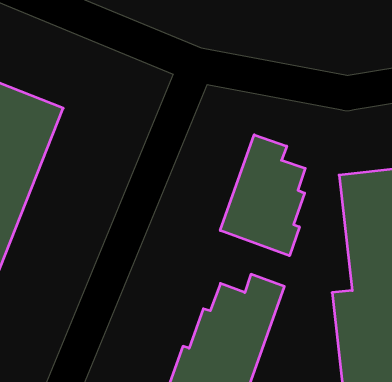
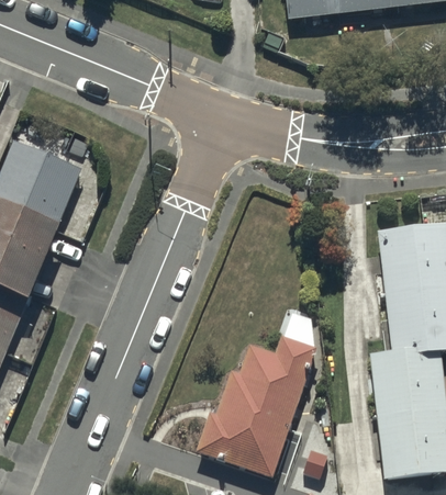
building: [220,135,305,256] -> none

